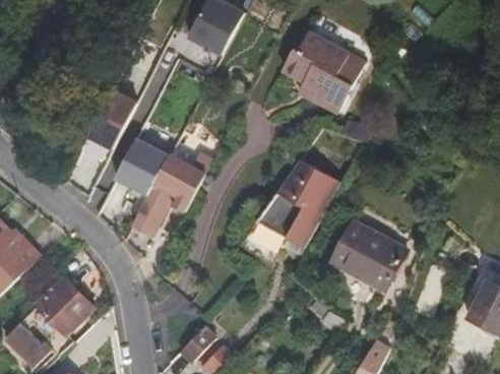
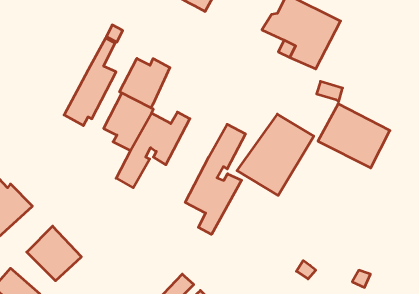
building: none -> [120,58,170,108]
building: none -> [185,124,245,234]
building: [326,225,402,293] -> [318,104,390,168]

